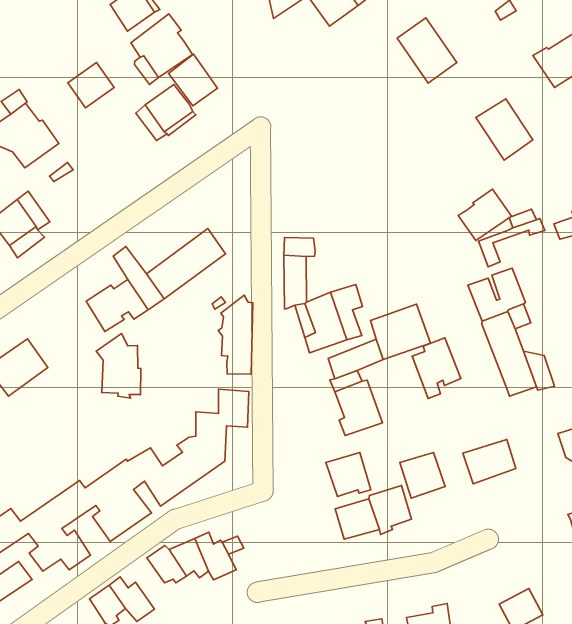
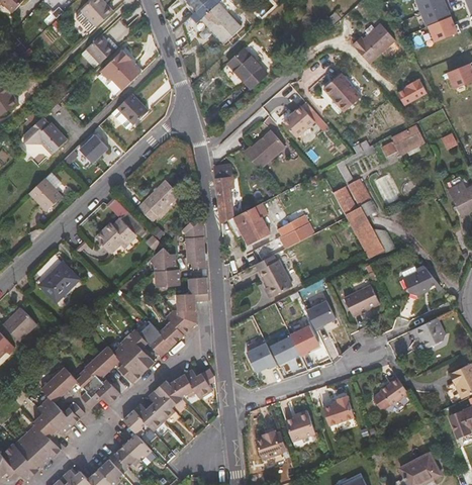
building: [397,18,457,83] -> [227,48,267,89]
building: [169,54,218,106] -> none
building: [68,62,114,108] -> [79,134,108,164]
building: none -> [244,130,285,170]
building: [458,189,511,240] -> [283,104,316,137]
building: [96,334,141,398] -> [147,250,178,289]
building: [412,338,461,398] -> none
building: [326,453,371,497] -> [245,341,275,370]
building: none -> [149,390,176,421]

